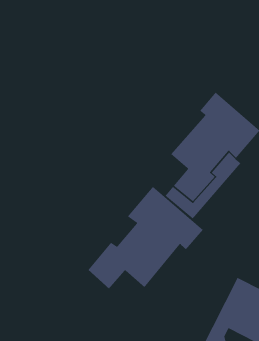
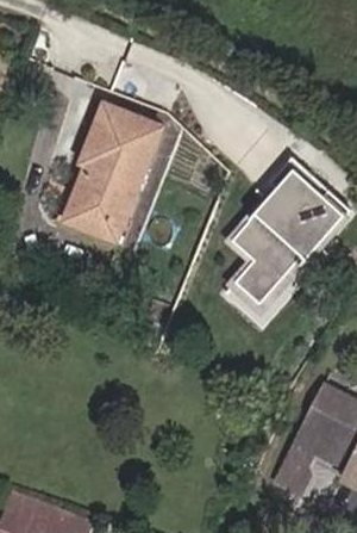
building: none -> [69,103,164,236]
building: [88,186,204,289] -> none

